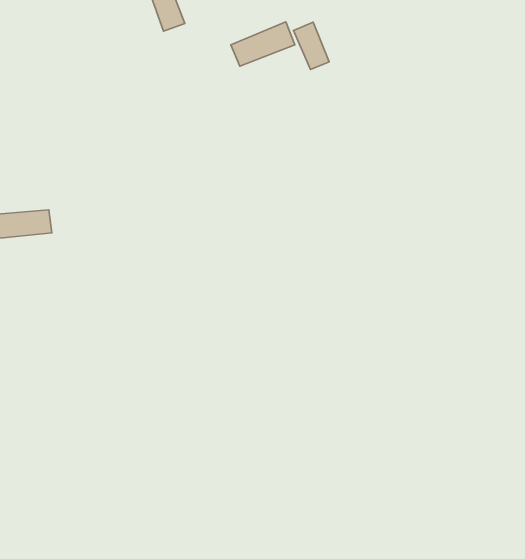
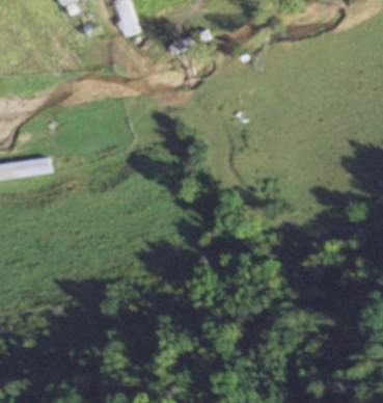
building: [293,22,329,69] -> none

